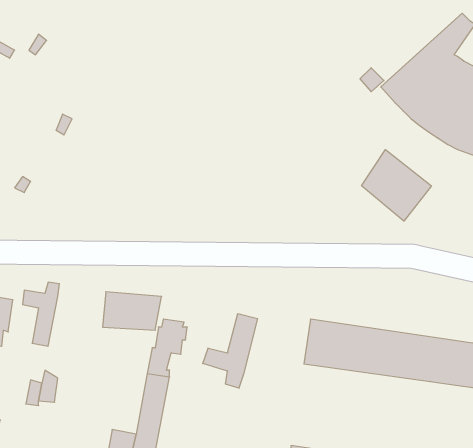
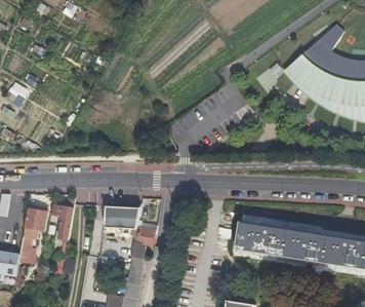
building: [362,150,431,221] -> none
building: [203,314,257,388] -> none

